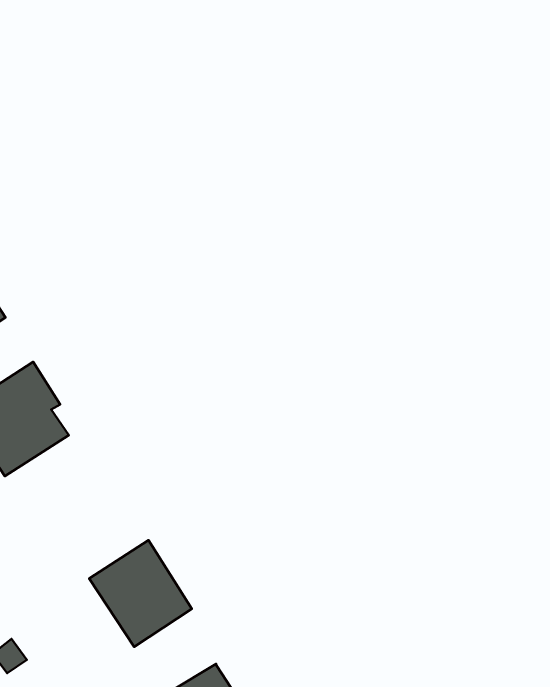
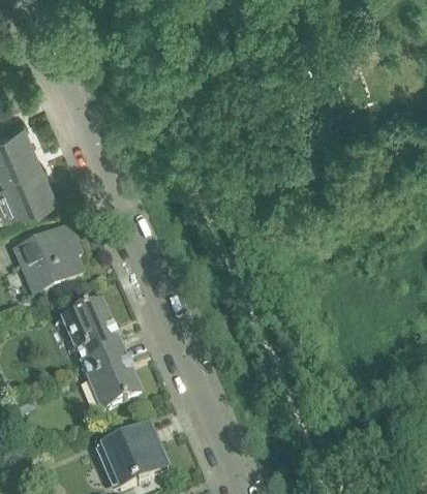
building: none -> [61,302,120,364]

